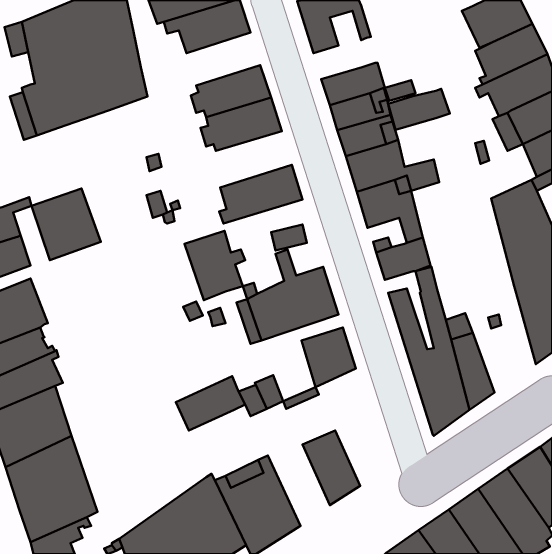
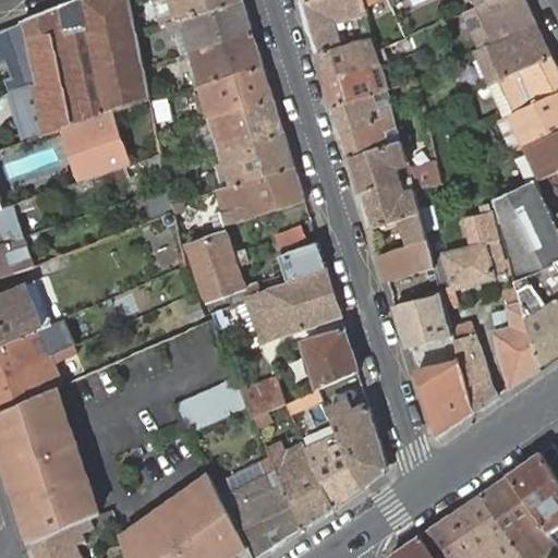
building: none -> [184,33,262,86]
building: [388,89,450,130] -> [315,38,377,80]
building: none -> [211,132,293,186]
building: [31,189,101,260] -> [59,111,129,183]
building: none -> [430,204,506,291]
building: none -> [493,288,538,387]
building: none -> [327,400,386,488]
building: none -> [266,444,331,529]

